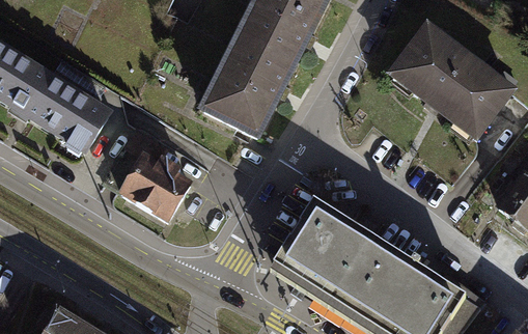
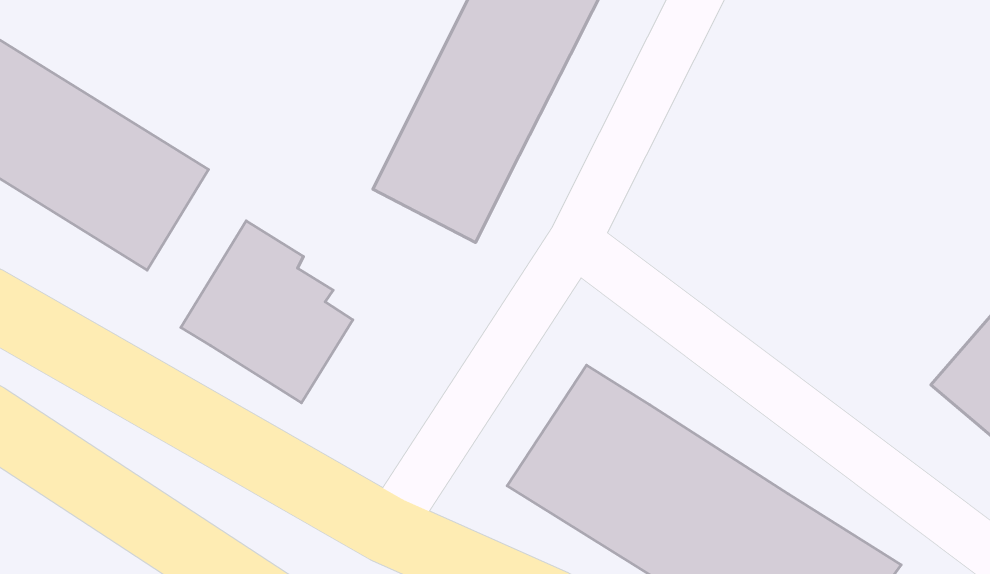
building: [386,22,515,140] -> none

